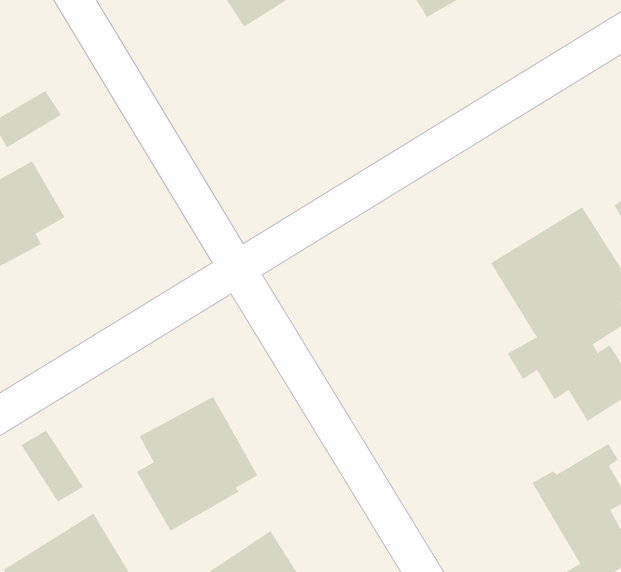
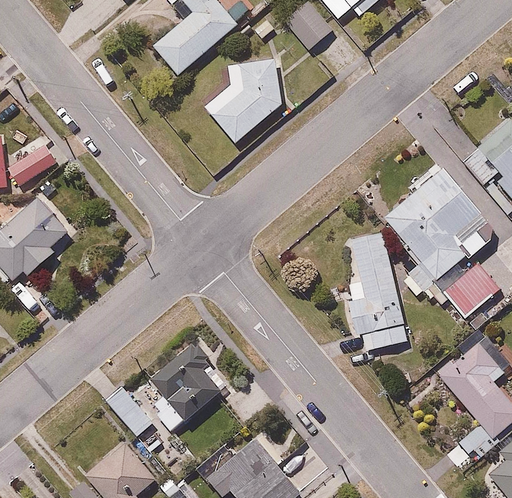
building: none -> [211,60,280,144]
building: none -> [351,231,417,356]
building: [21,430,84,502] -> [103,386,153,437]

